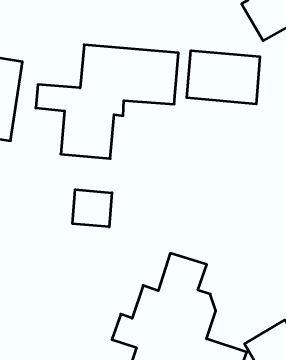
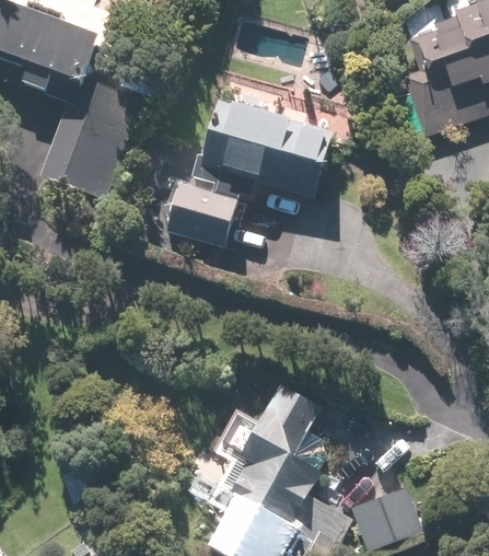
building: [187,51,260,104] -> none
building: [73,190,112,227] -> none

